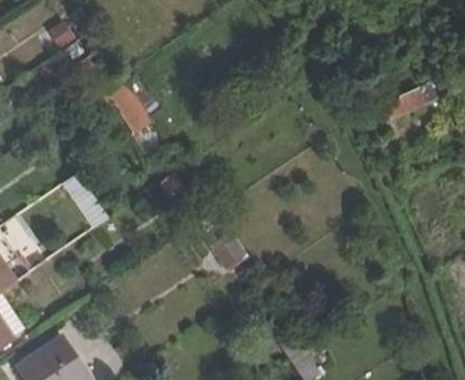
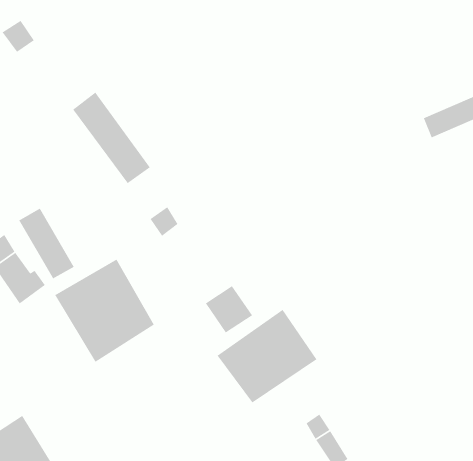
building: none -> [54,258,155,363]
building: none -> [216,309,317,403]

